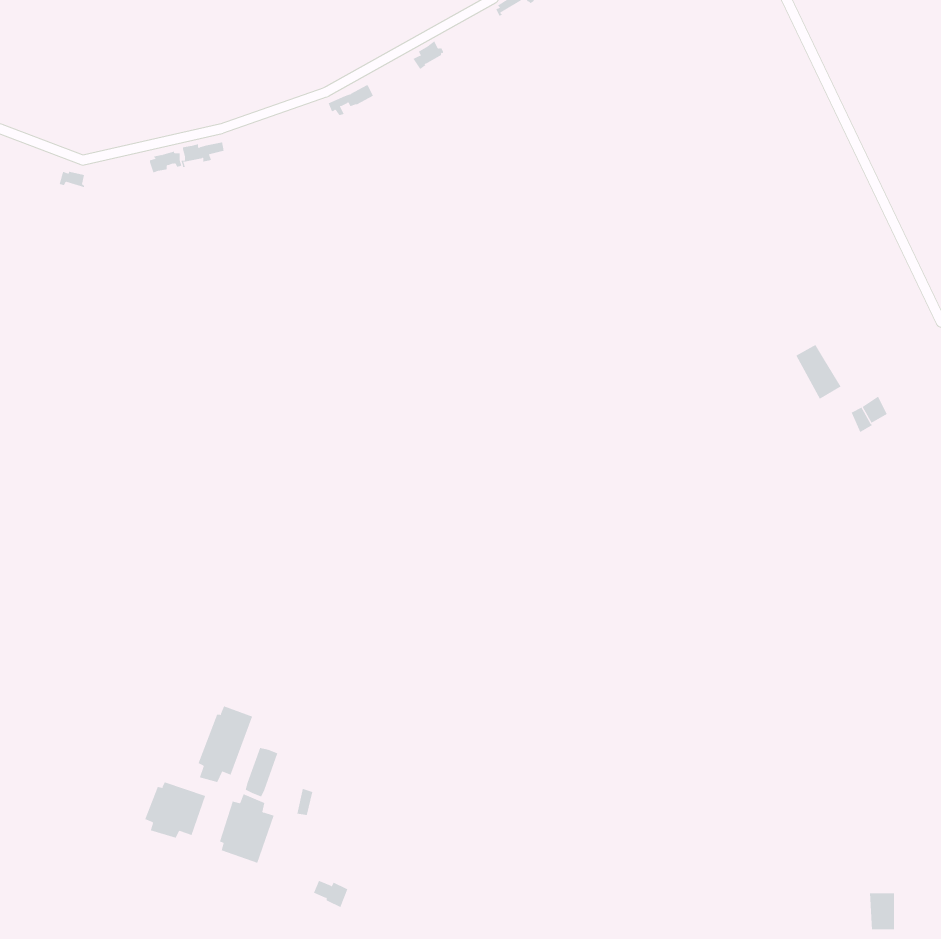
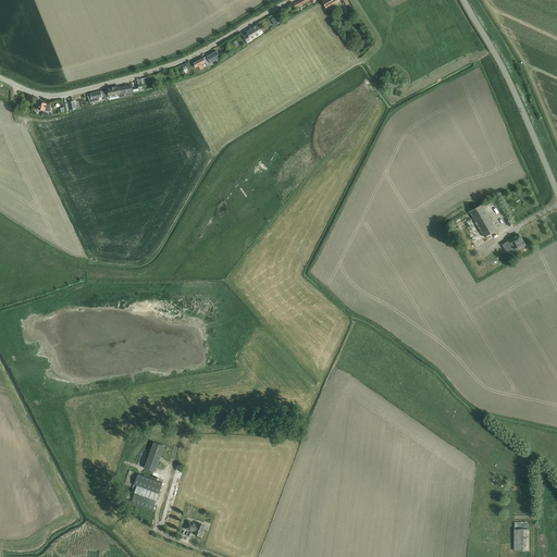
building: [198,706,253,783] -> none
building: [145,781,206,838] -> none

